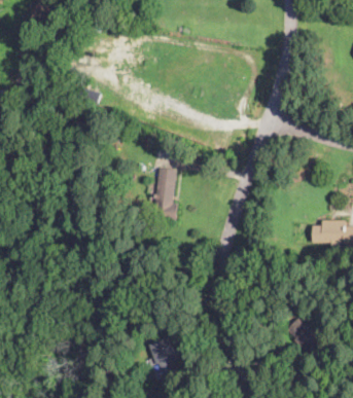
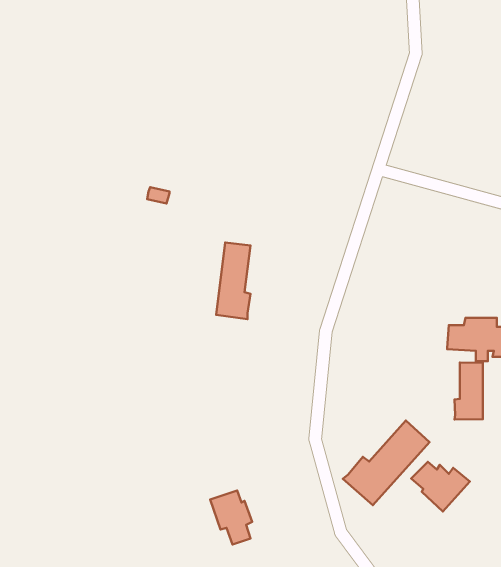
building: none -> [454,363,483,419]
building: none -> [343,421,429,505]

